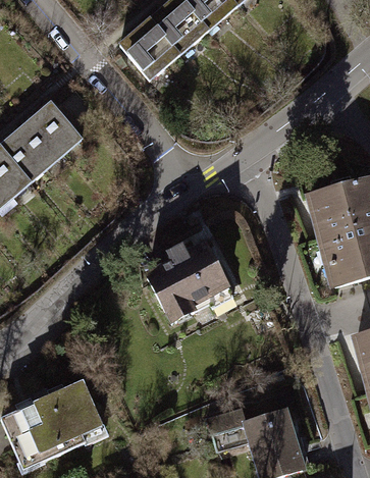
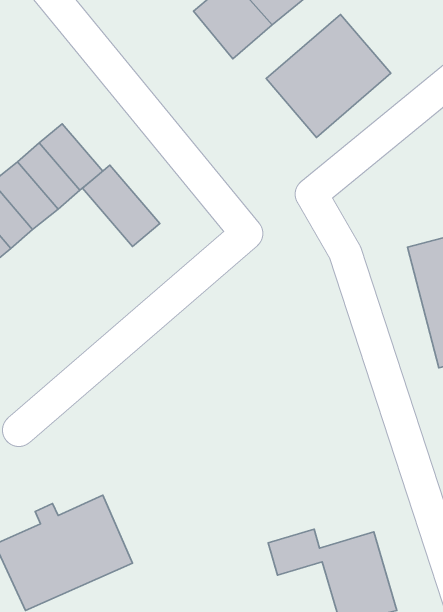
building: [122,17,180,77] -> none
building: none -> [266,14,391,137]
building: none -> [83,165,160,246]
building: [147,244,234,322] -> none

